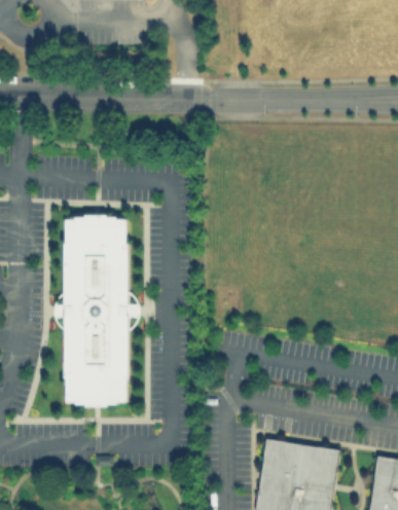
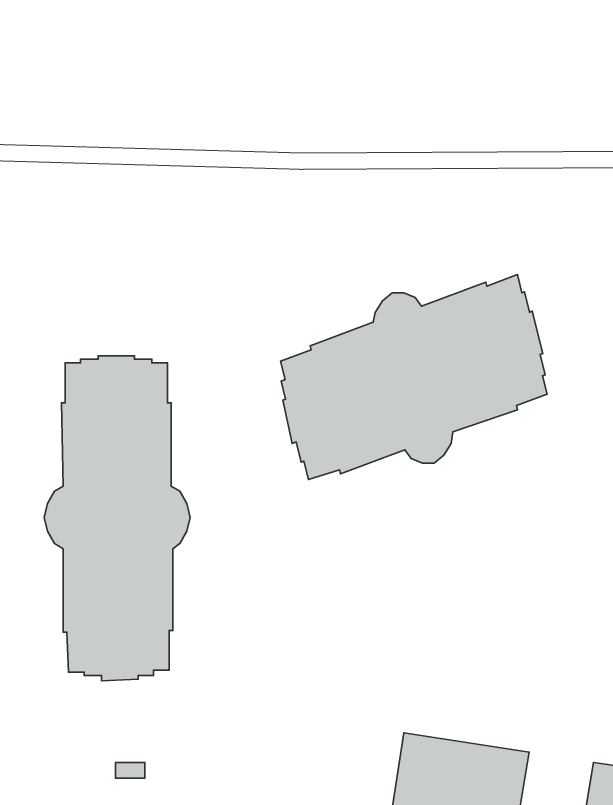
building: none -> [281,275,547,479]

